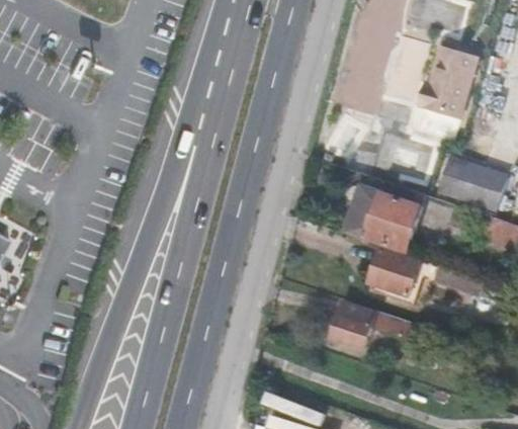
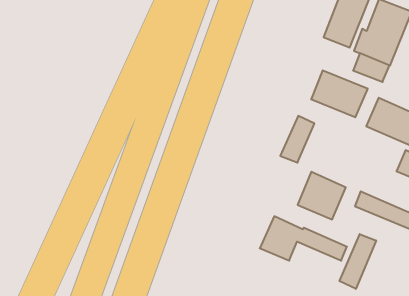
building: [363,191,421,251] -> none
building: none -> [340,234,376,289]

